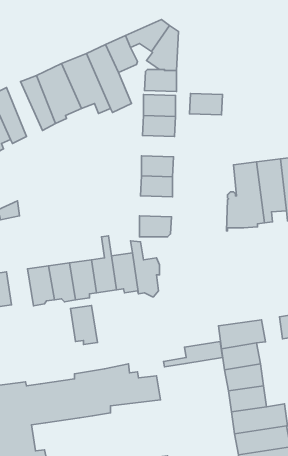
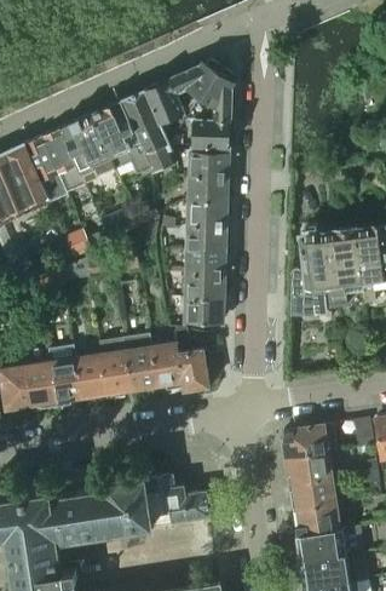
building: none -> [24,134,69,203]
building: [189,94,222,115] -> [188,200,227,225]
building: none -> [185,272,225,298]
building: [70,305,97,344] -> [24,361,57,408]
building: [163,342,223,367] -> none

